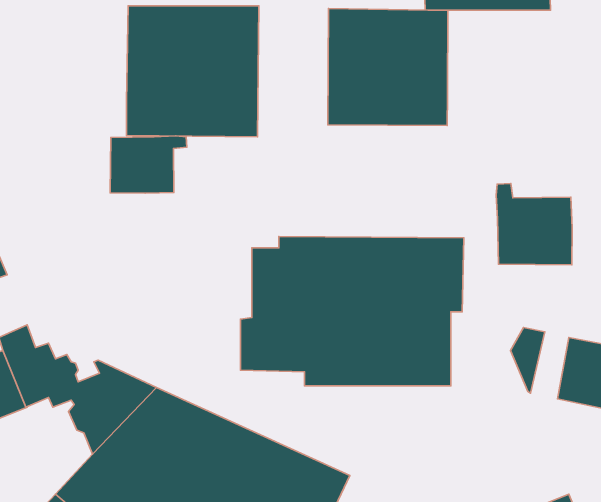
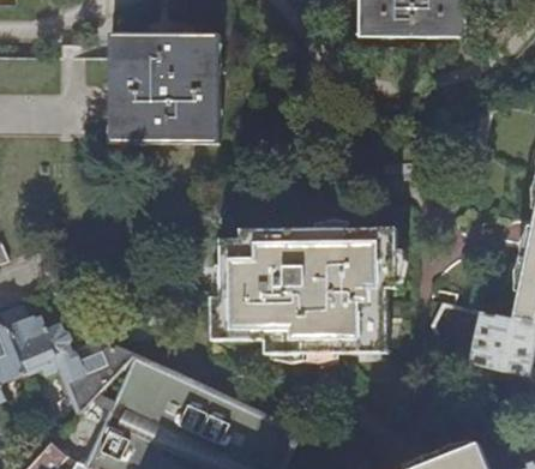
building: [328,8,448,126] -> none
building: [110,136,187,193] -> none
building: [496,184,572,265] -> none

